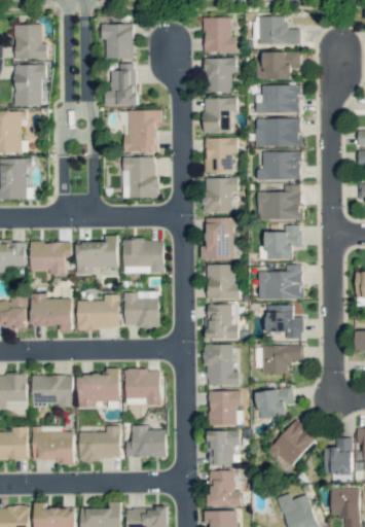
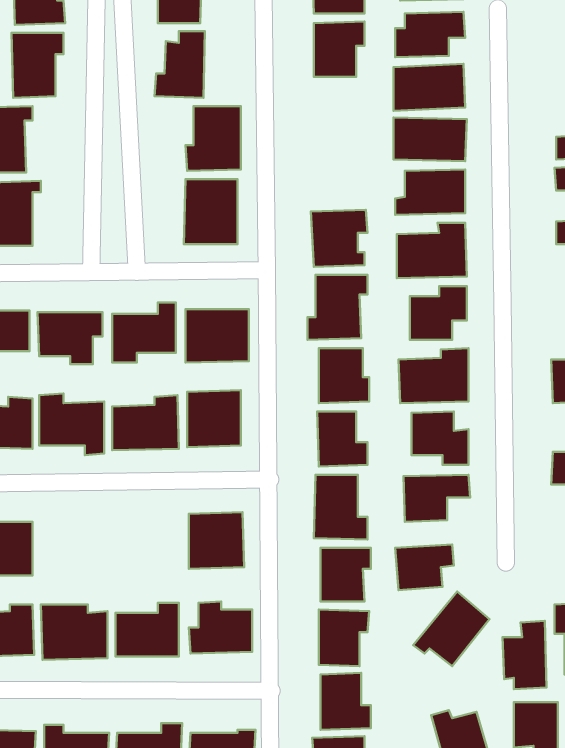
building: [204,98,236,133] -> none
building: [205,138,238,173] -> none
building: [78,368,119,408] -> none
building: [32,376,73,408] -> none

